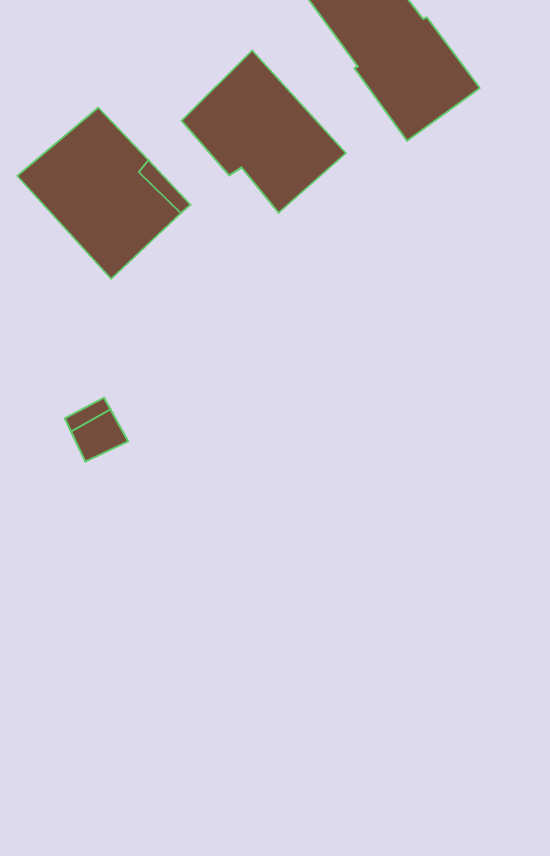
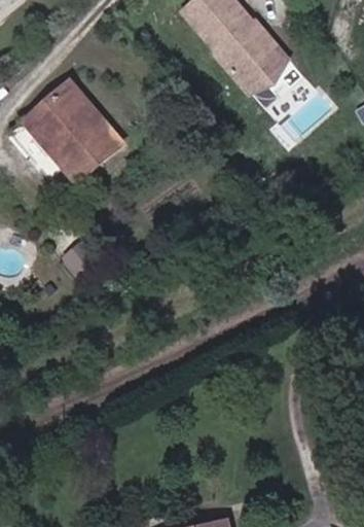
building: [181,50,346,213] -> none

